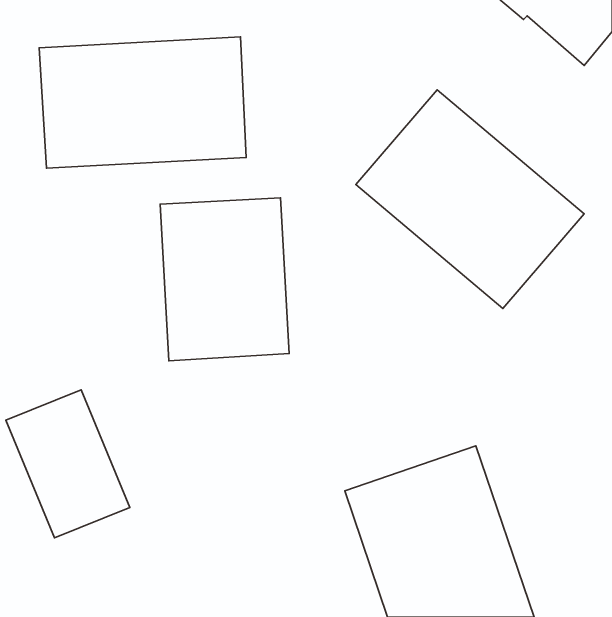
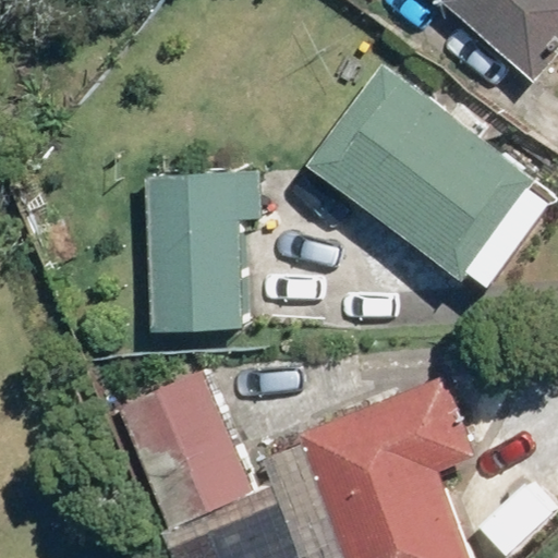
building: [39,37,246,168] -> none
building: [6,390,130,538] -> [121,378,232,511]

